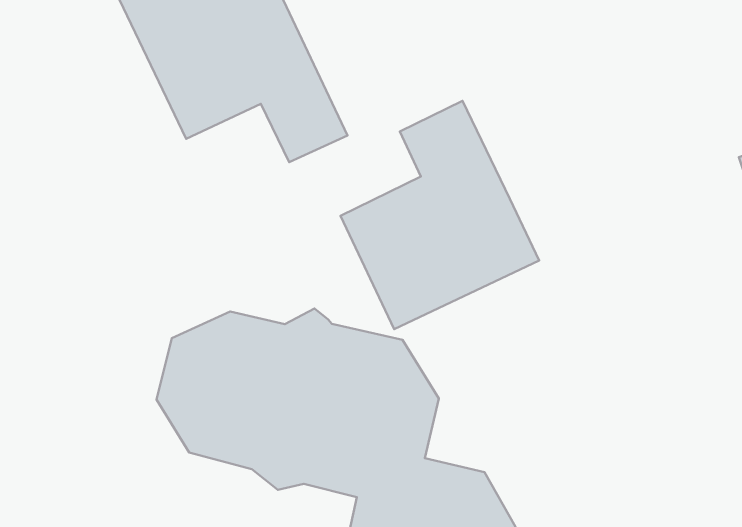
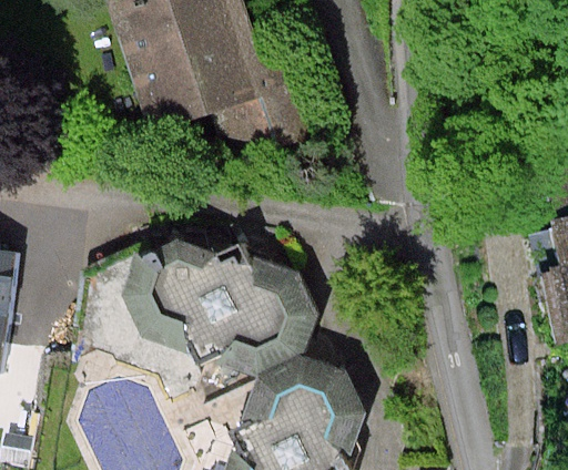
building: [340,101,539,329] -> none

